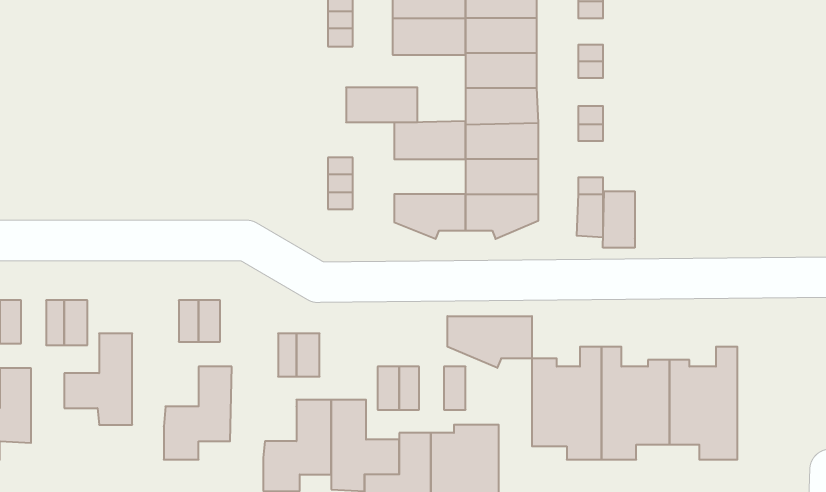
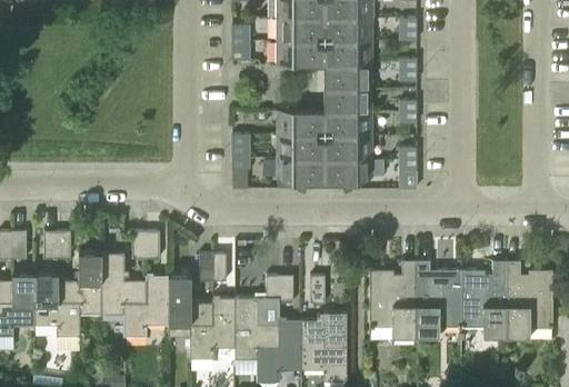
building: [346,87,417,122] -> [276,137,323,160]
building: [603,191,635,248] -> none
building: [447,316,532,368] -> none
building: none -> [100,254,144,316]
building: none -> [506,262,551,338]
building: none -> [166,276,210,337]
building: none -> [32,277,78,338]

